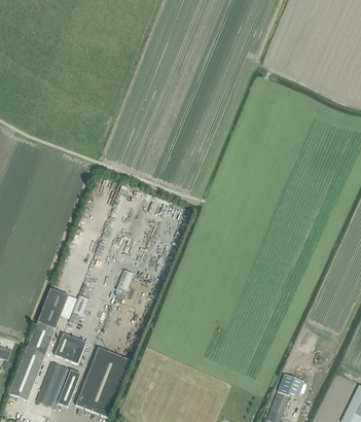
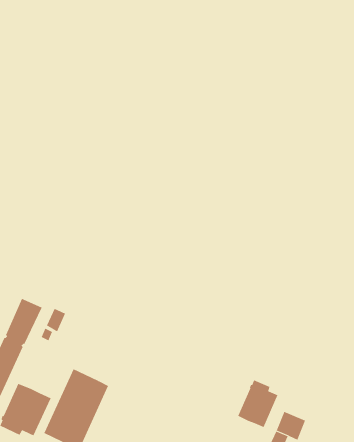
building: [53,333,85,364] -> none
building: none -> [238,379,278,428]

